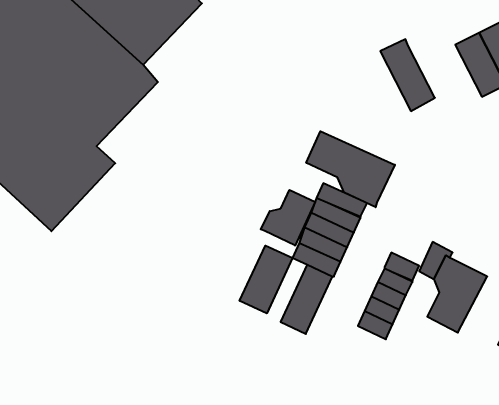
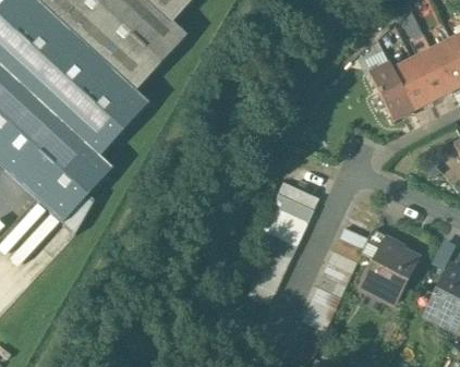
building: [380,39,435,111] -> [368,62,413,121]
building: [306,131,395,207] -> none
building: [261,190,315,246] -> none
building: [240,246,293,313] -> none

